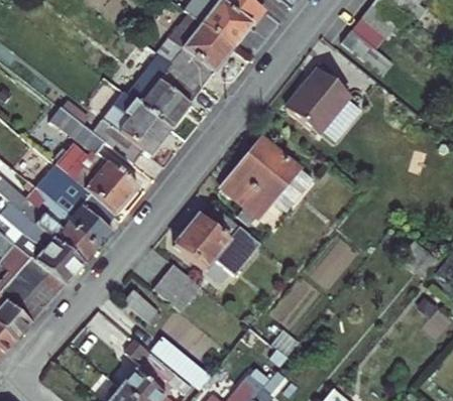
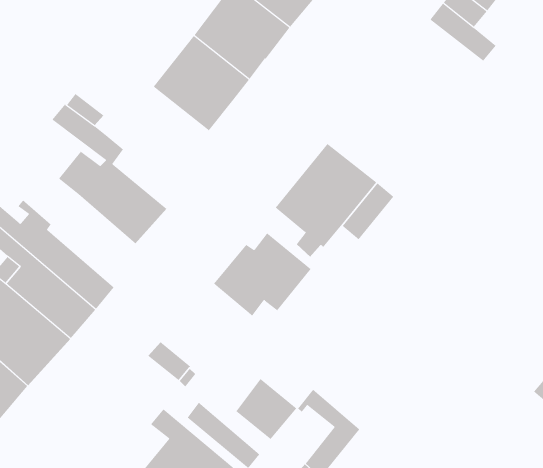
building: [286,70,361,144] -> none
building: [93,92,171,163] -> none
building: [46,176,114,248] -> none
building: [153,262,201,309] -> [235,378,297,440]

